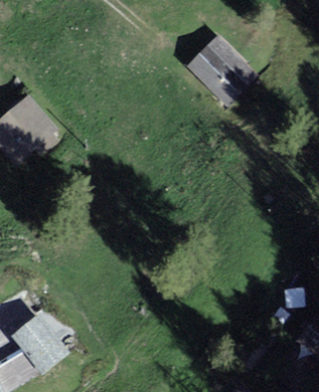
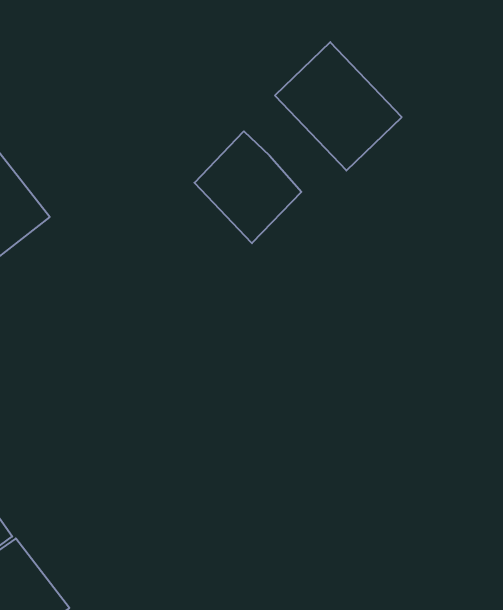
building: none -> [194,131,301,243]

